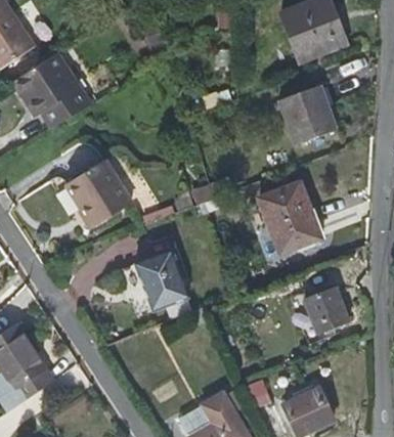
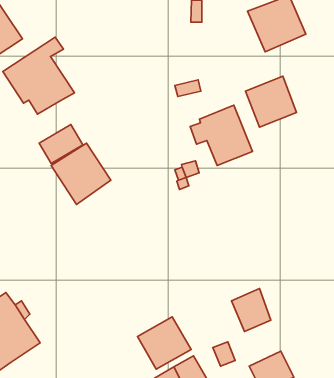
building: [251,183,319,250] -> [190,105,252,166]
building: [138,253,186,307] -> none
building: [305,286,348,333] -> [232,289,271,331]
building: none -> [137,317,191,369]

